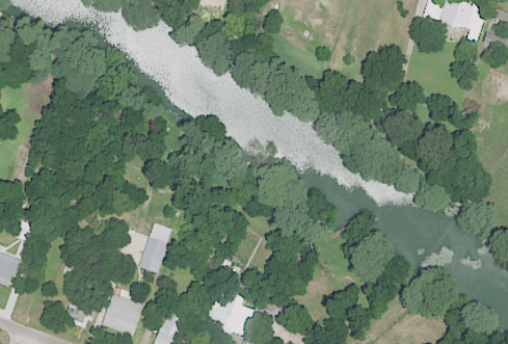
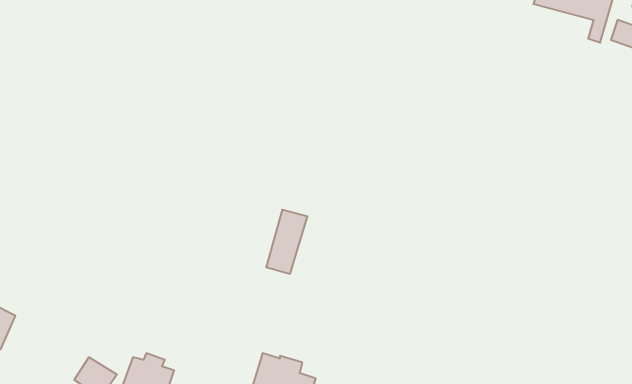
building: [139,223,171,273] -> [266,210,307,274]

